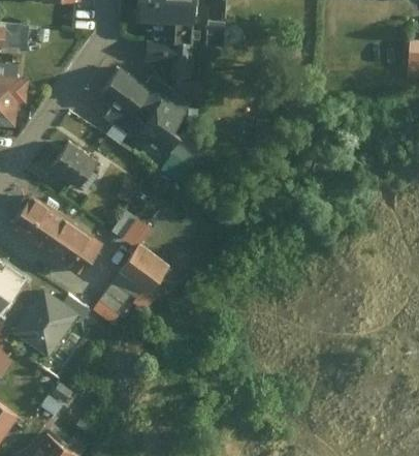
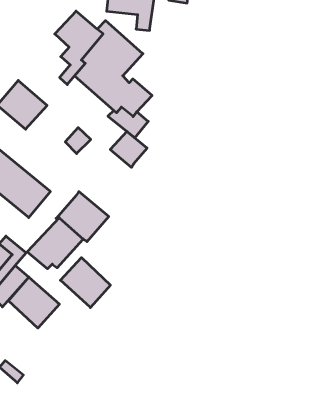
building: [114,213,150,248] -> [110,131,147,167]
building: none -> [60,258,110,308]
building: none -> [8,277,59,328]

